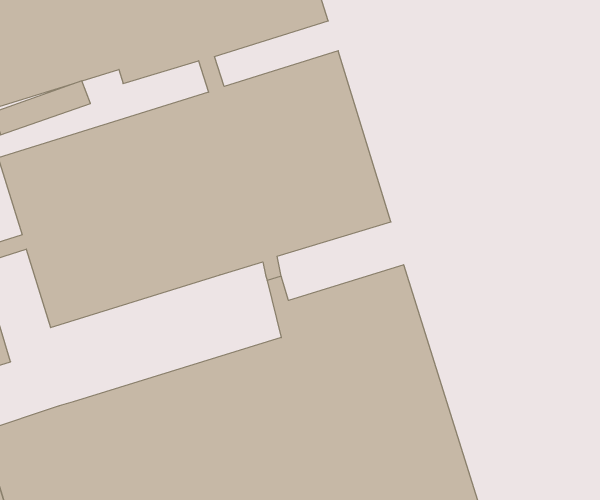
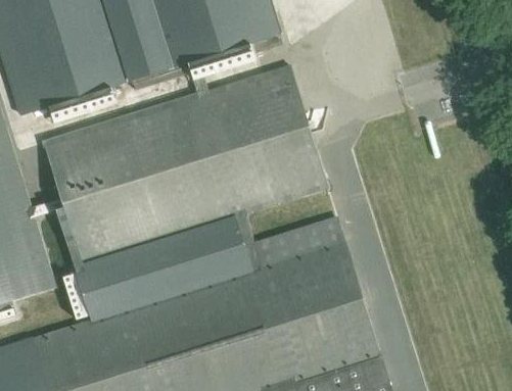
building: none -> [59,215,246,319]

